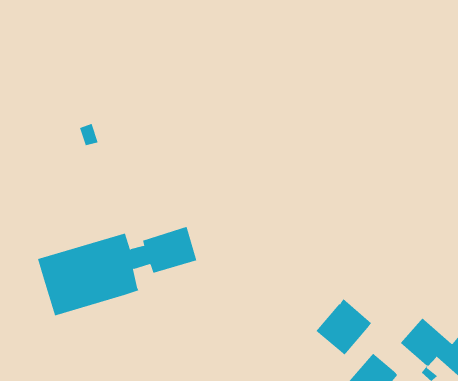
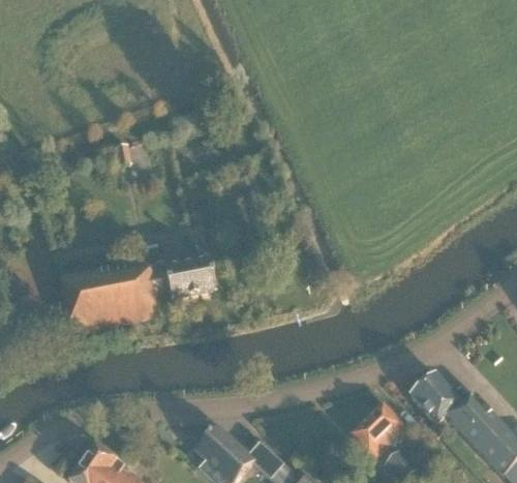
building: [315,298,372,356] -> none

